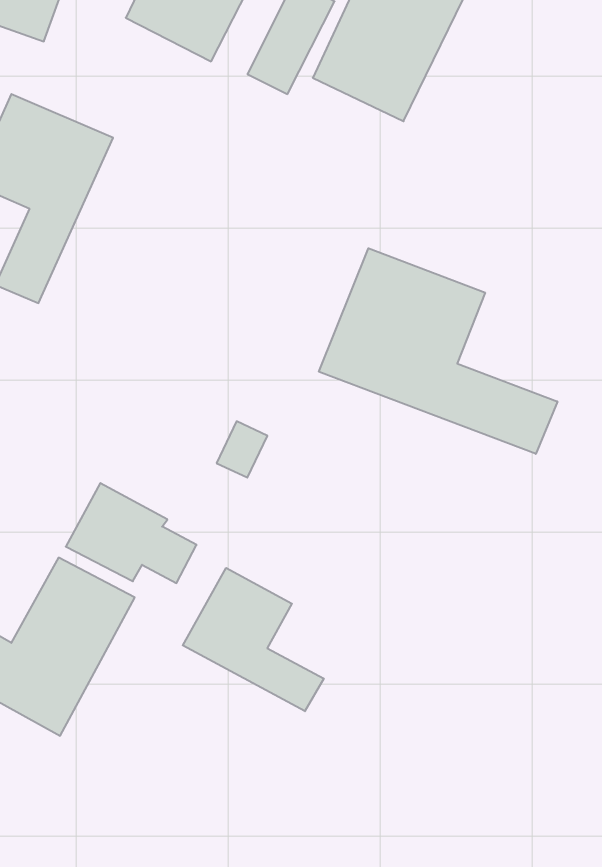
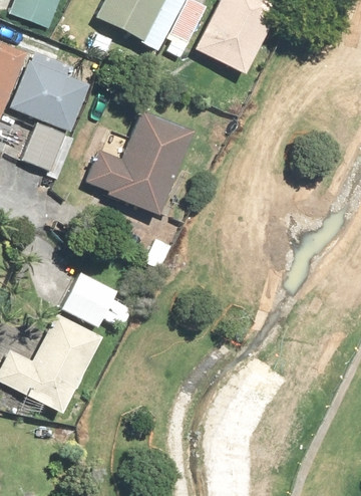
building: none -> [85,111,190,216]
building: [319,248,557,454] -> none
building: [183,568,324,711] -> none

